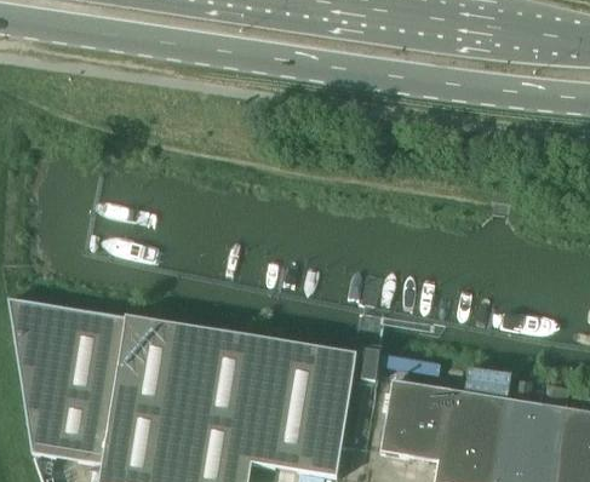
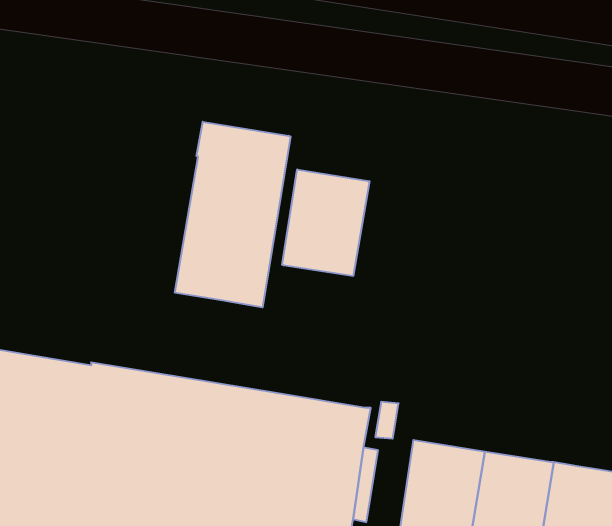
building: none -> [175,122,290,307]
building: none -> [282,169,369,276]

